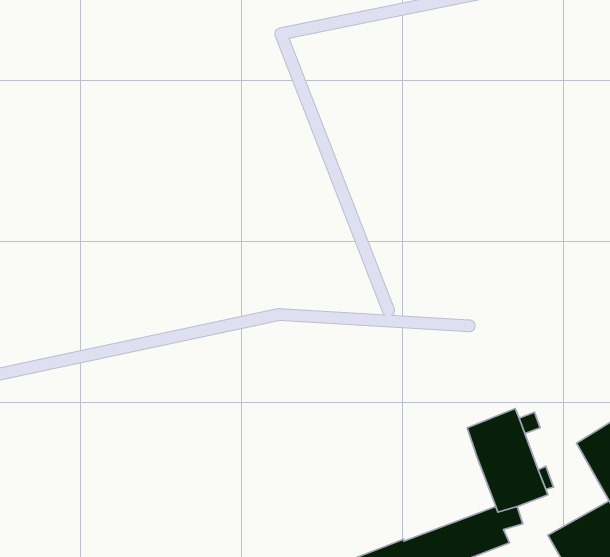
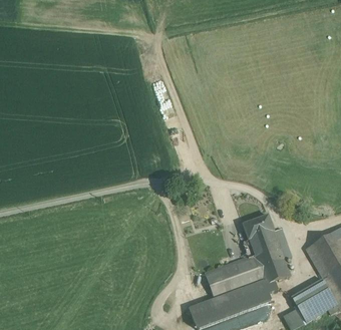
building: none -> [243,215,274,240]
building: none -> [206,255,264,299]

